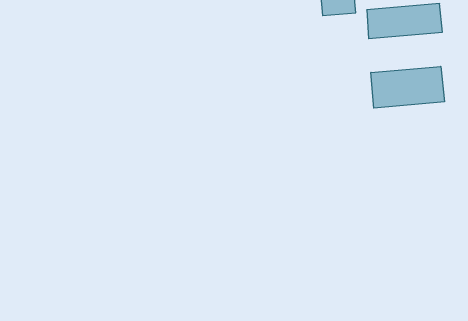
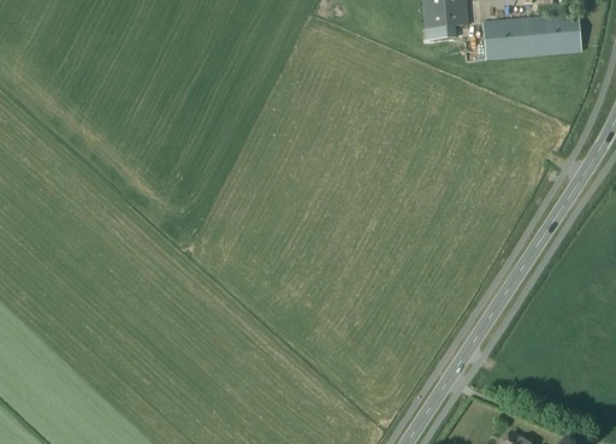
building: [371,66,444,108] -> none

